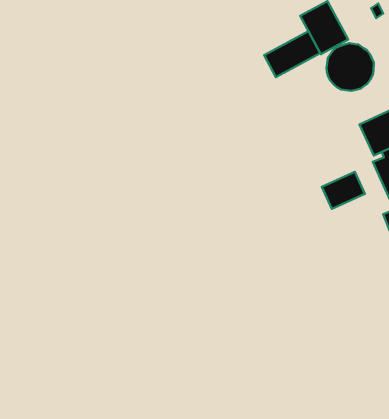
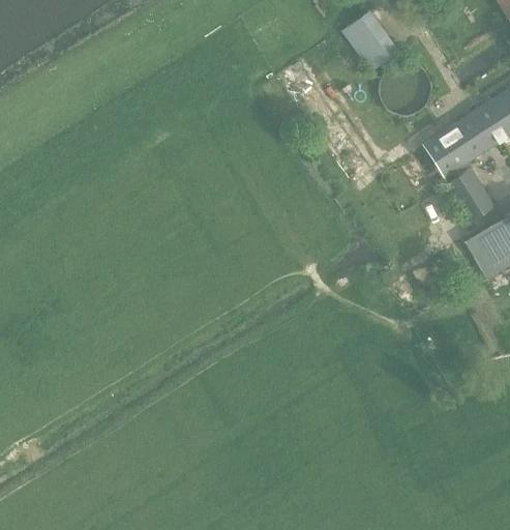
building: [264,31,320,77] -> none
building: [322,172,365,209] -> none

